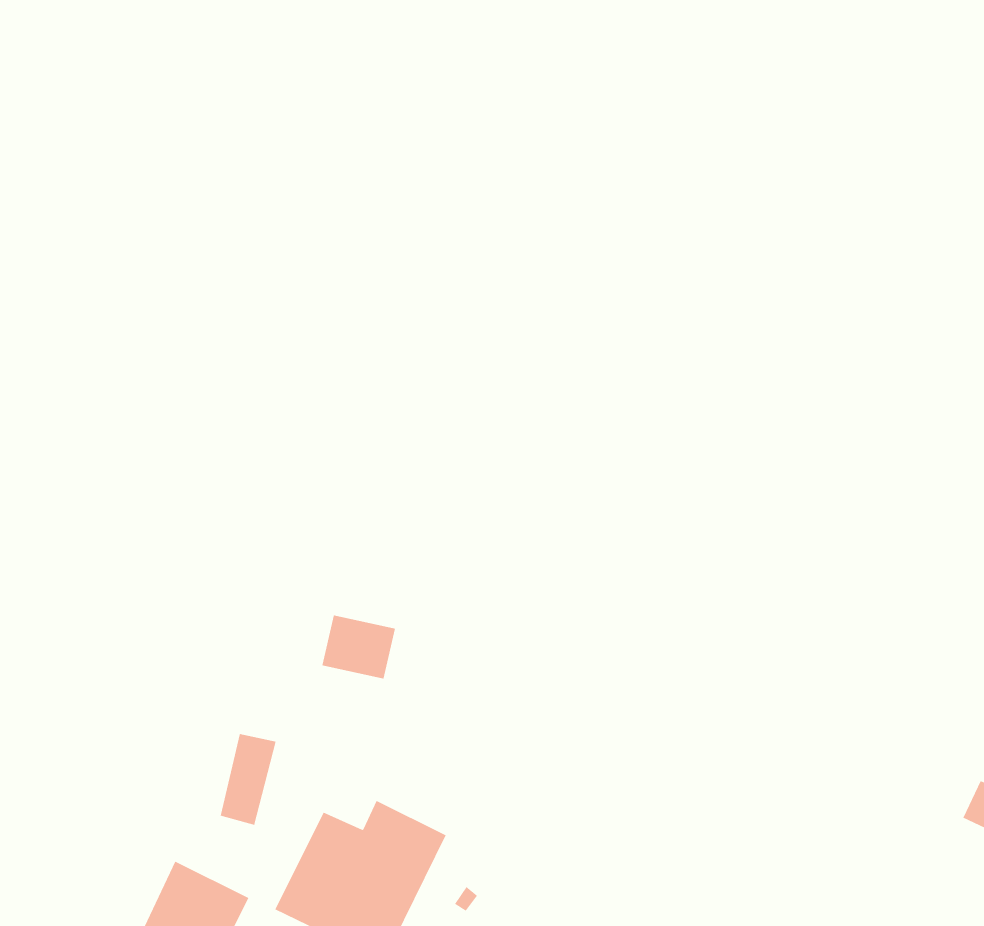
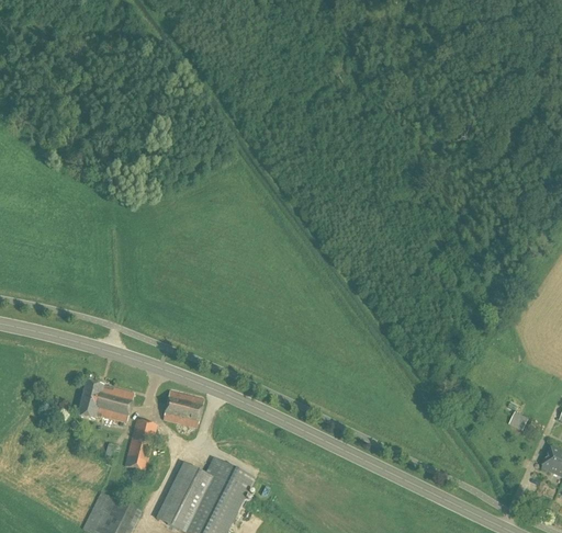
building: [321,615,396,679] -> [162,390,204,427]
building: none -> [77,379,134,422]

